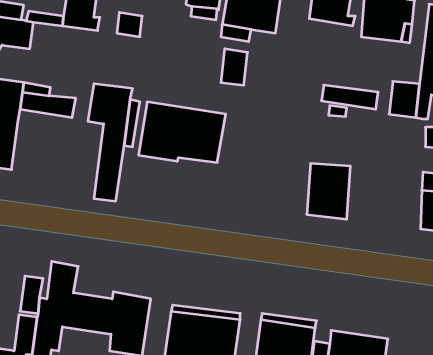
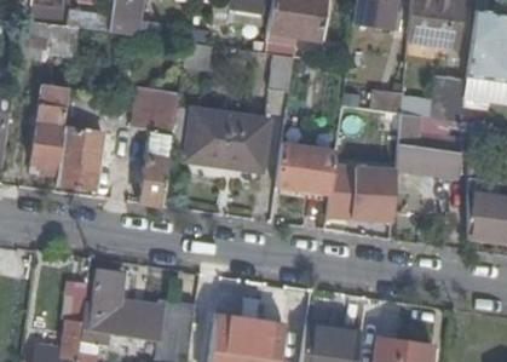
building: none -> [396,115,461,179]
building: none -> [54,128,103,190]
building: none -> [275,145,336,194]

